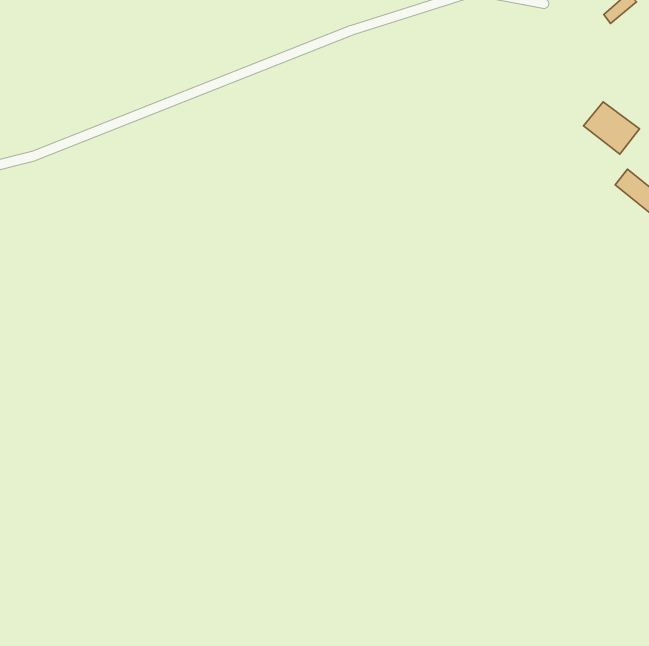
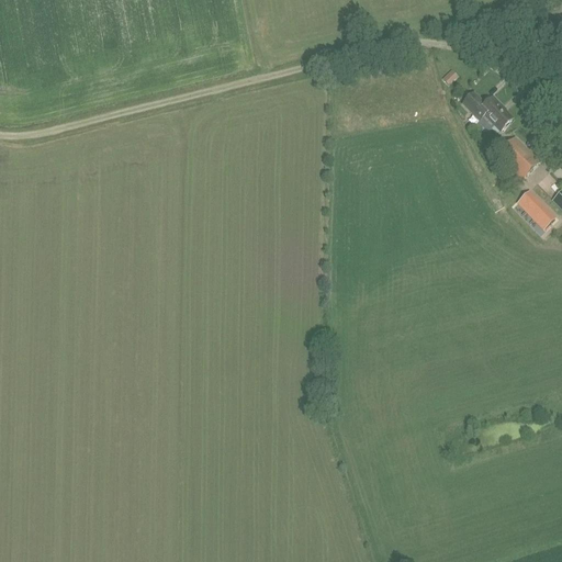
building: none -> [463,91,513,130]

